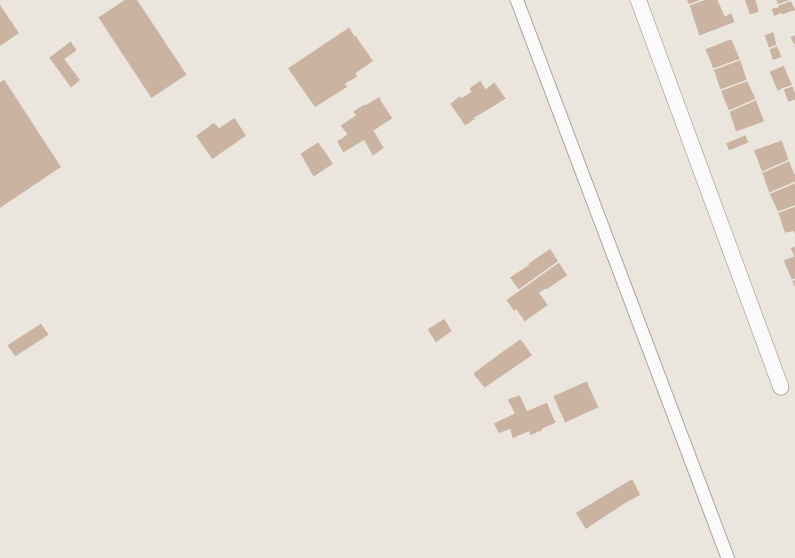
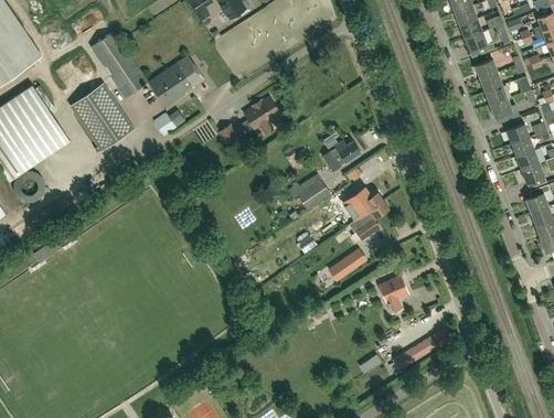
building: [287,26,374,108] -> [148,56,203,108]
building: none -> [71,83,135,152]
building: [449,80,507,127] -> [323,141,360,171]
building: none -> [297,174,330,210]
building: [493,394,557,439] -> none

